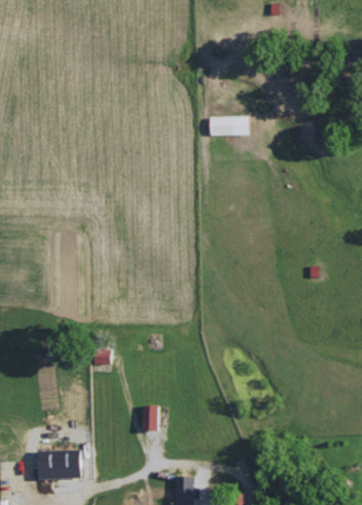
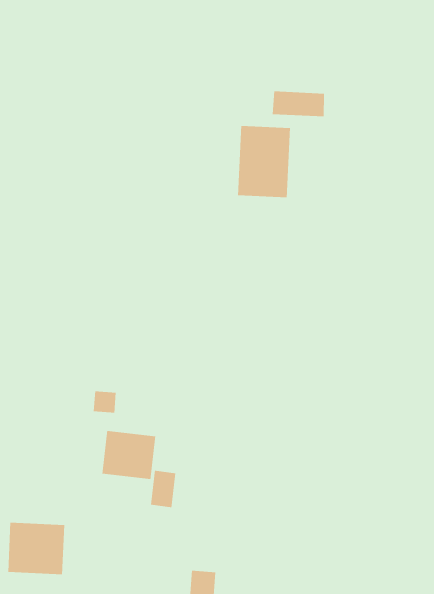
building: none -> [238,125,290,198]
building: none -> [102,430,156,480]

